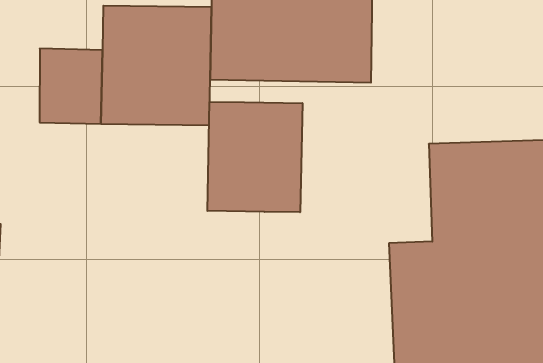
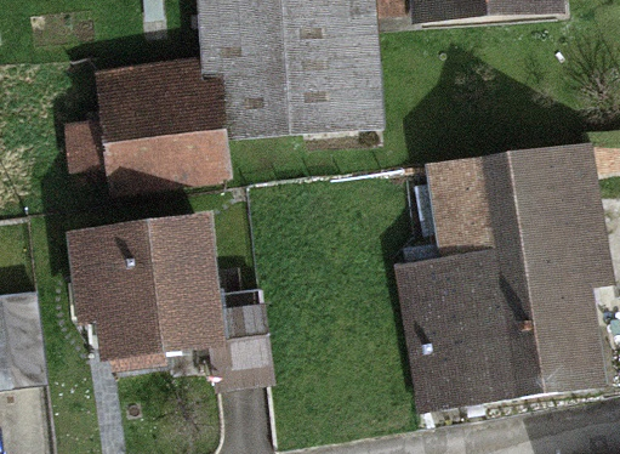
building: [207,102,302,212] -> none
building: none -> [72,233,215,359]

